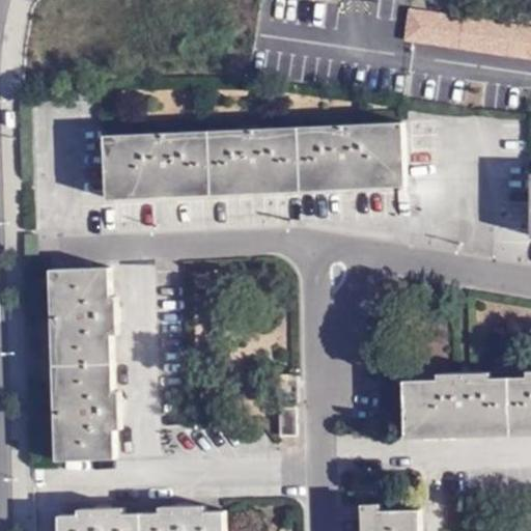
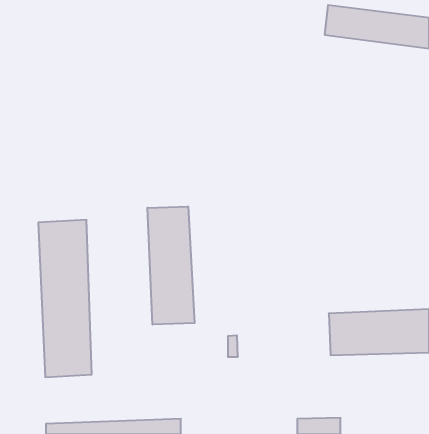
building: [102,130,401,193] -> none
building: none -> [147,206,195,325]

